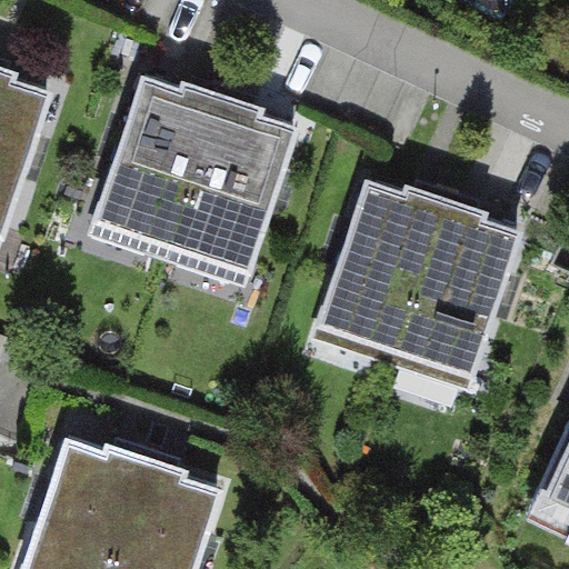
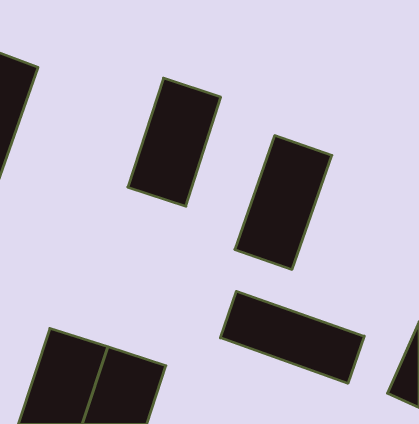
building: [94,80,219,250] -> none
building: [391,208,521,387] -> none
building: none -> [220,291,364,383]

